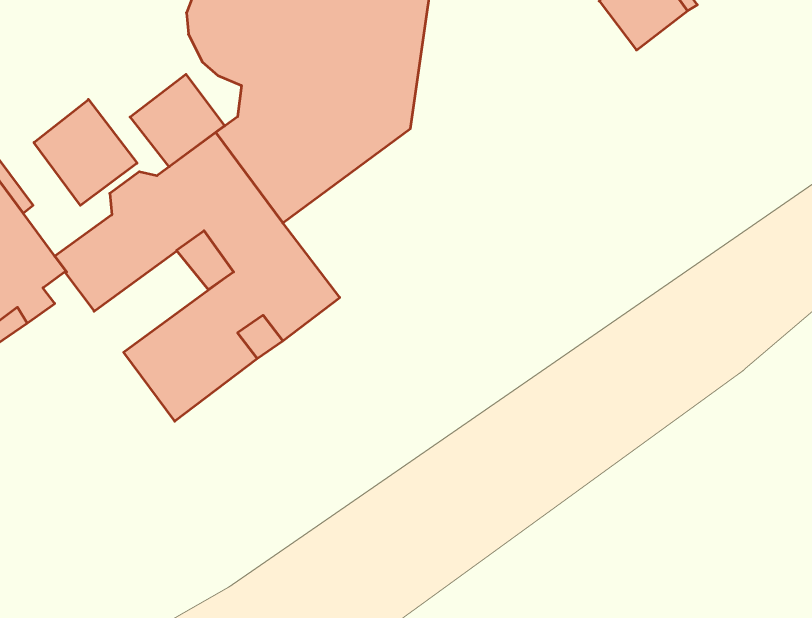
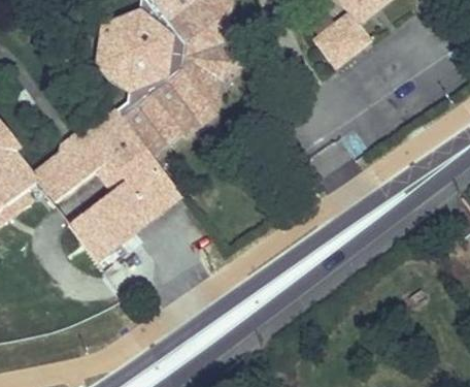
building: [130,74,225,167] -> none
building: [34,99,137,205] -> none

